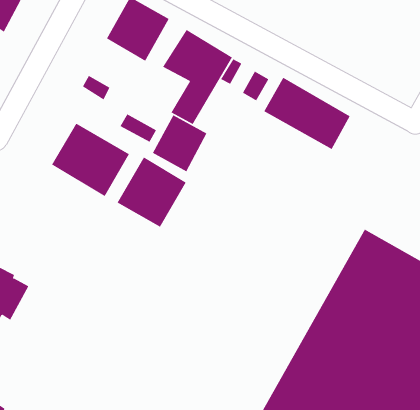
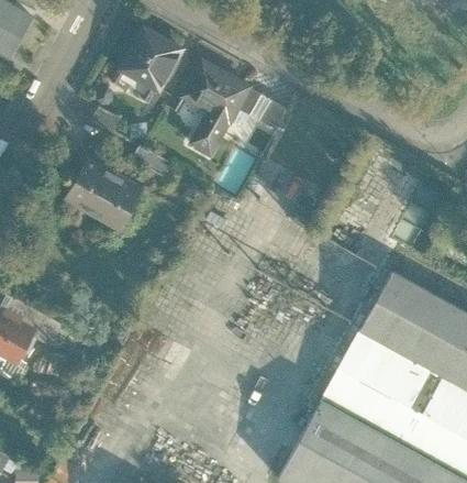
building: [263,77,350,150] -> none
building: [152,114,207,172] -> none
building: [117,157,186,228] -> none

